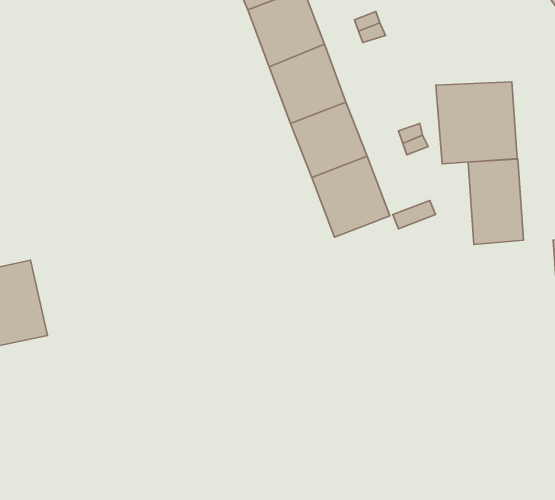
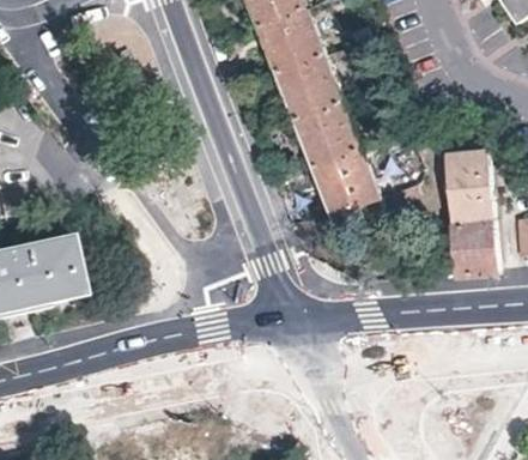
building: [436,82,517,164] -> none
building: none -> [450,217,497,274]

